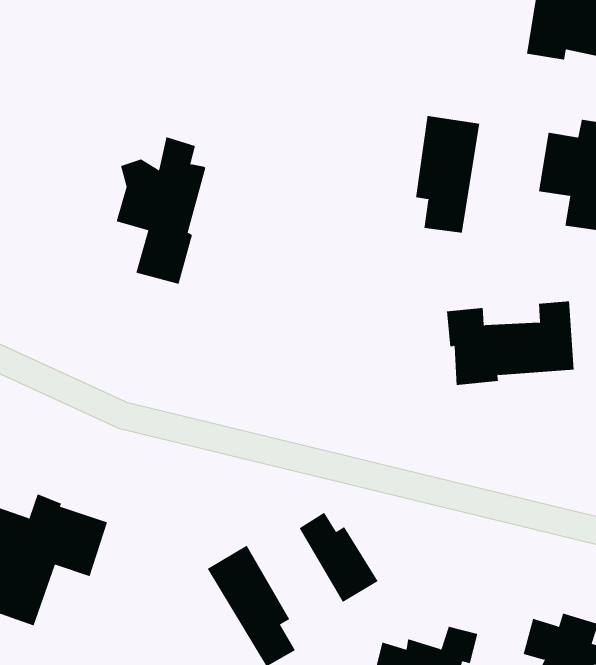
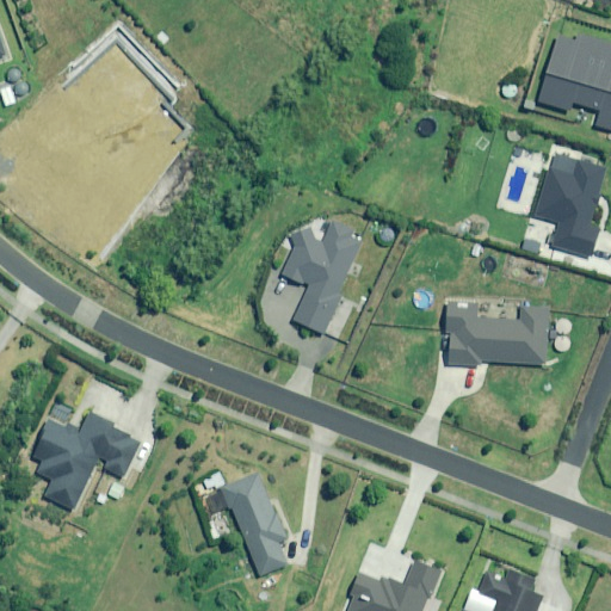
building: [416,115,480,234] -> none
building: [116,137,206,285] -> [282,212,362,335]
building: [299,512,378,603] -> none

